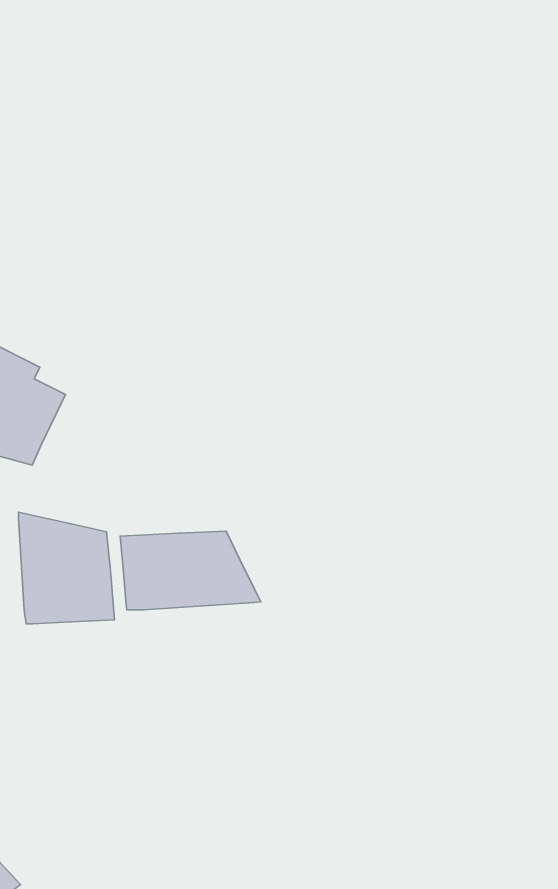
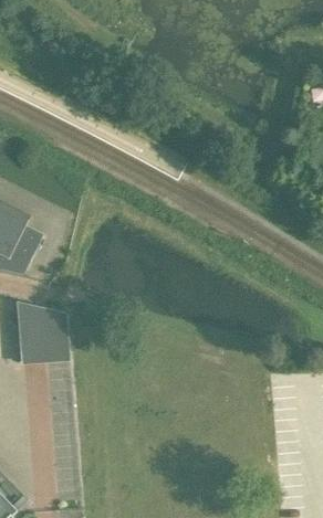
building: [120,531,261,610] -> none

